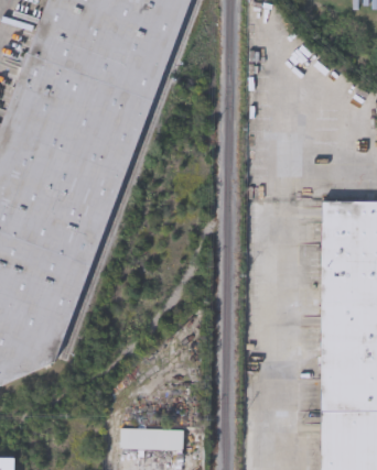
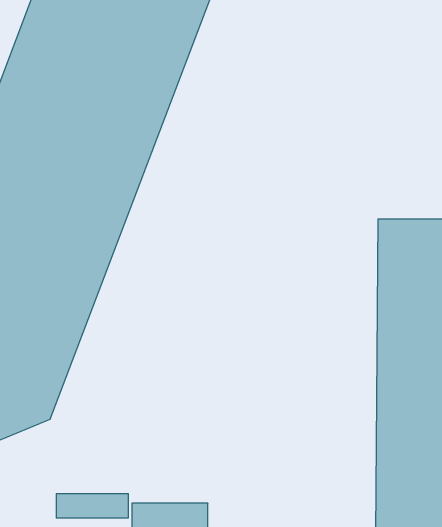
building: none -> [56,494,128,518]

